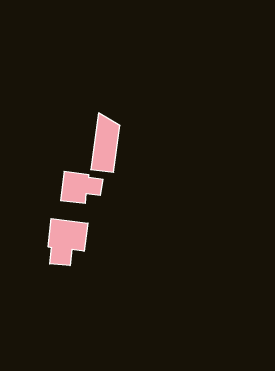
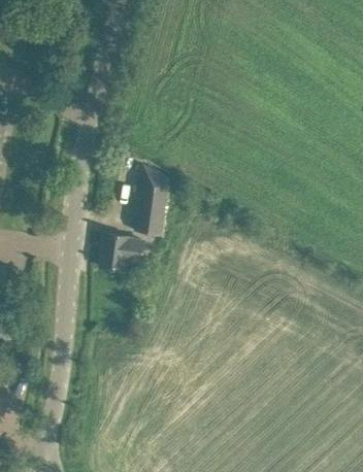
building: [48,219,88,266] -> none

